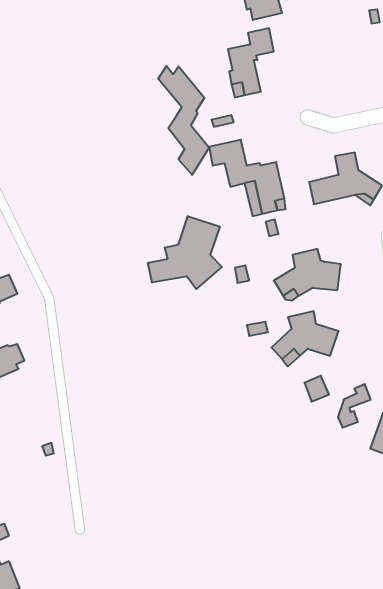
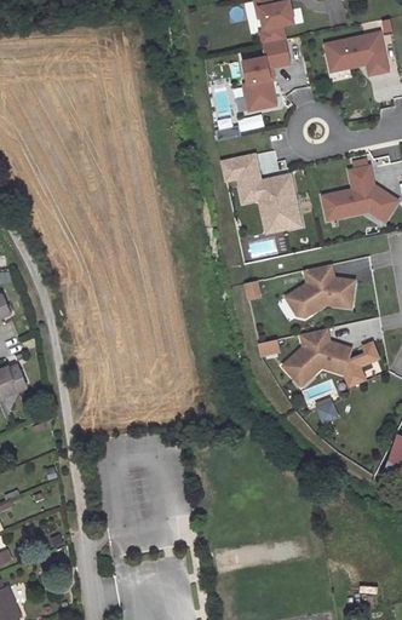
building: none -> [323,29,386,71]
building: [158,66,209,175] -> none
building: [148,216,222,289] -> none
building: [338,384,371,428] -> [344,341,378,386]

